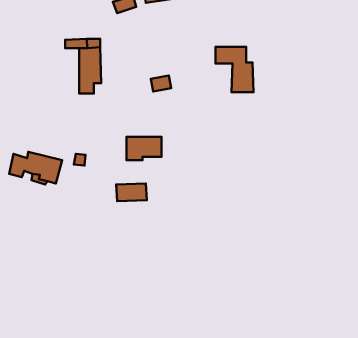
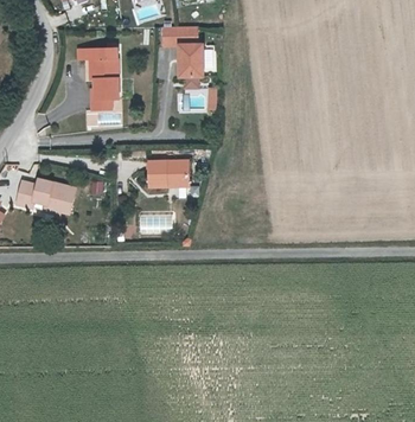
building: [216,47,254,92] -> [162,27,205,78]

